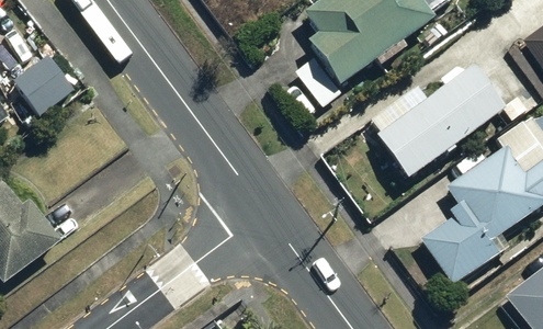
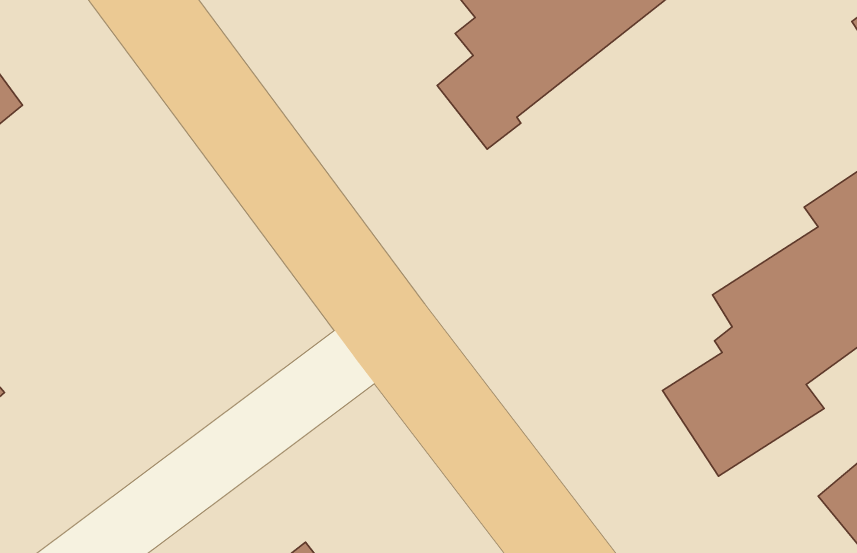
building: [373,60,500,180] -> none

